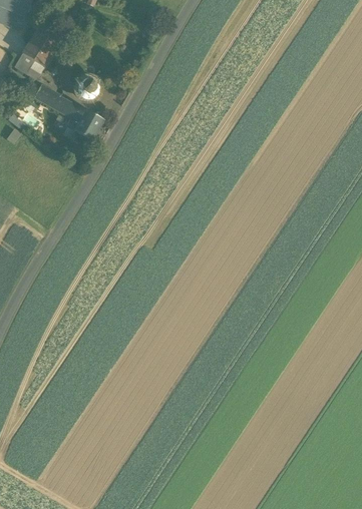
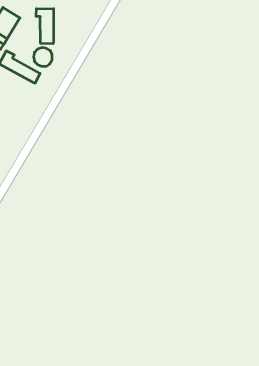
building: none -> [36,9,54,44]
building: [73,108,102,139] -> none

